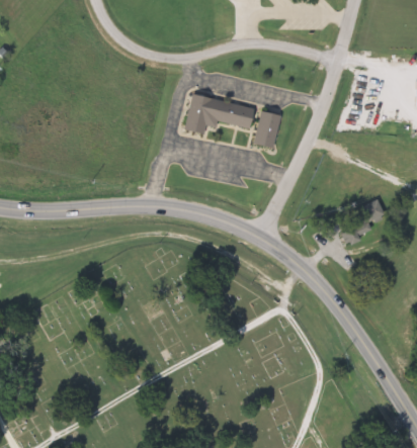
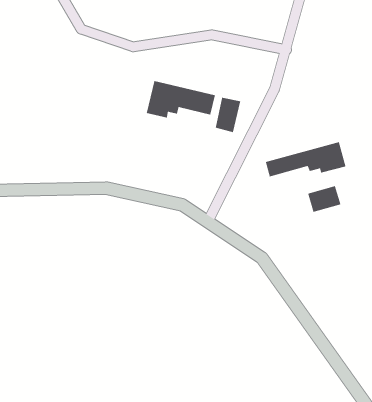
building: none -> [265,141,346,177]

